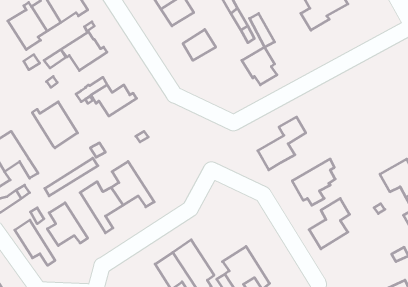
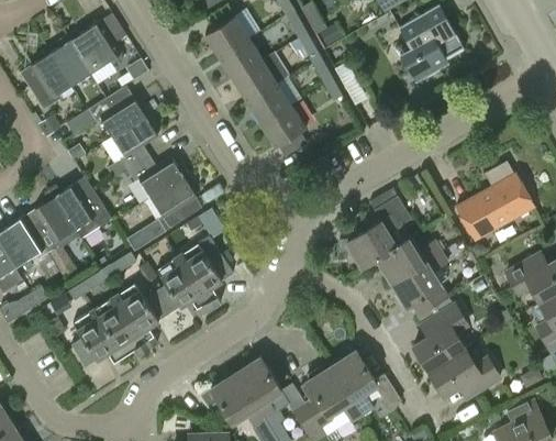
building: none -> [233,62,276,102]
building: [242,47,277,85] -> [260,107,307,156]
building: none -> [112,113,157,157]
building: none -> [455,161,534,240]
building: none -> [151,174,202,231]
building: none -> [23,192,78,253]
building: none -> [176,235,232,309]
building: none -> [376,239,440,282]
building: [15,220,55,265] -> [93,297,146,356]
building: none -> [427,349,498,395]
building: none -> [330,352,399,416]

